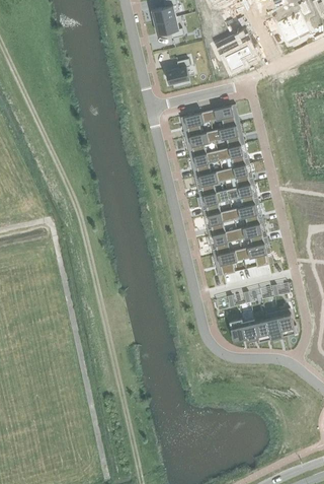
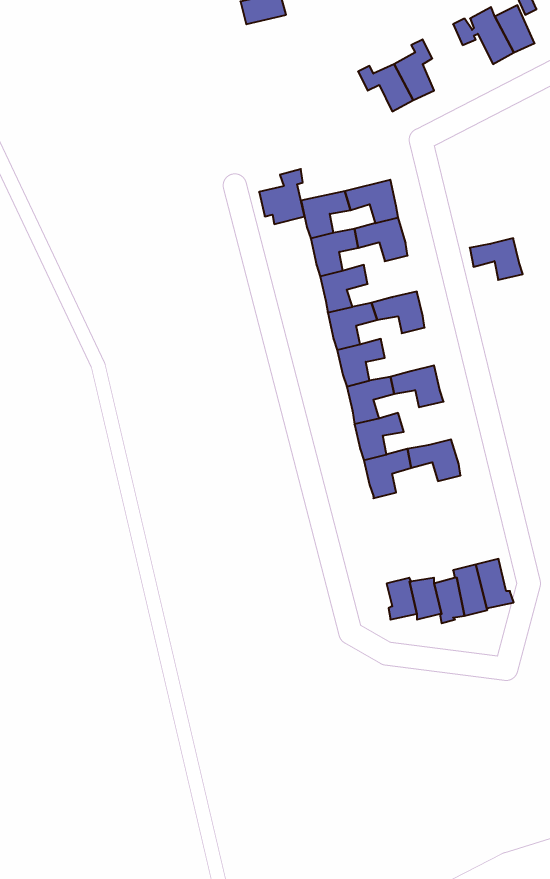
building: [154,16,182,38] -> none
building: [165,58,189,87] -> [259,169,305,224]
building: [217,145,245,167] -> [470,238,523,280]
building: [226,184,254,207] -> none
building: [235,223,263,247] -> none

